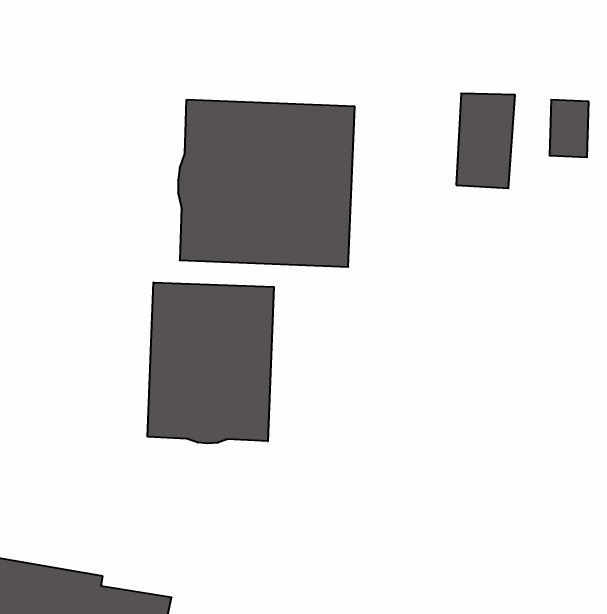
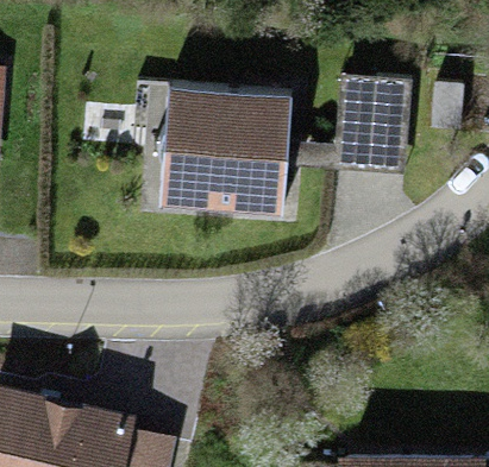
building: [148,282,274,443] -> none

